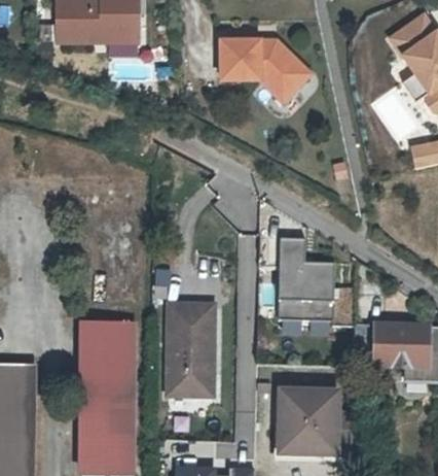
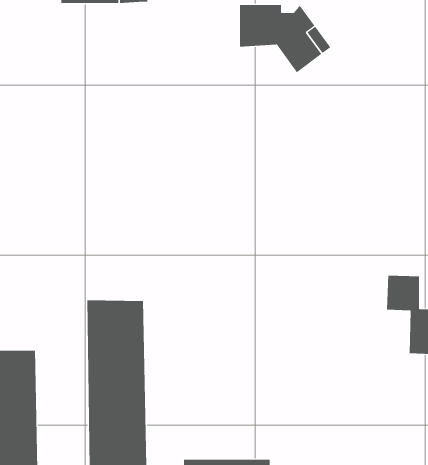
building: [282,238,337,317] -> none
building: [171,309,216,400] -> none
building: [279,393,335,453] -> none

